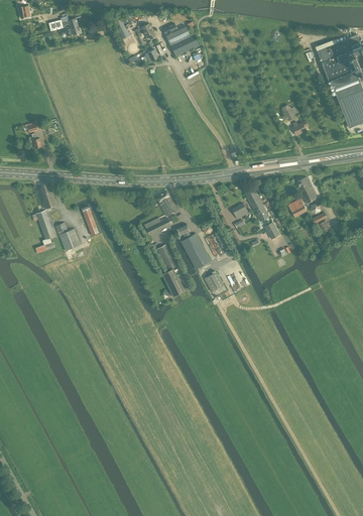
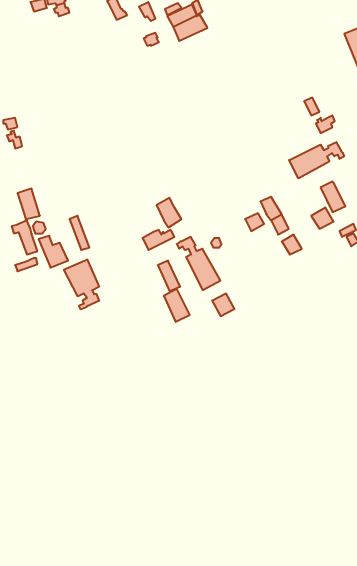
building: none -> [289,142,344,178]
building: none -> [64,259,99,309]

